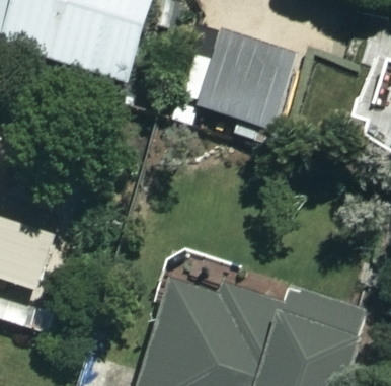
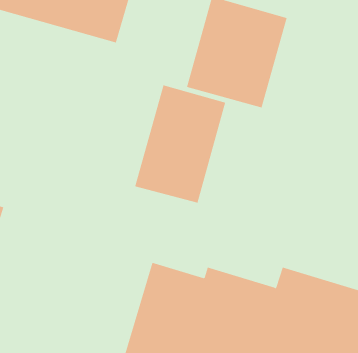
building: none -> [135,85,226,203]

